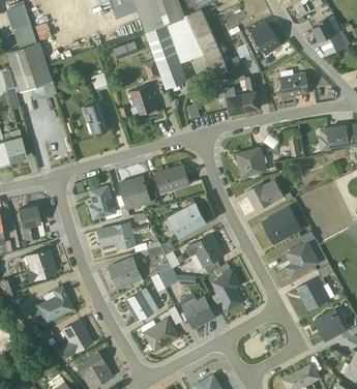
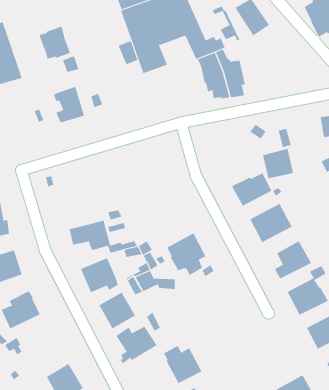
building: none -> [39,26,70,59]
building: [276,72,308,97] -> none
building: [126,84,159,115] -> none
building: [236,148,265,176] -> [262,148,294,179]
building: [154,164,188,192] -> none
building: [116,176,150,217] -> none
building: [89,186,116,219] -> none
building: [168,204,205,238] -> none
building: [211,272,241,309] -> none
building: [179,293,214,328] -> [163,345,202,384]
building: [59,320,91,357] -> none

